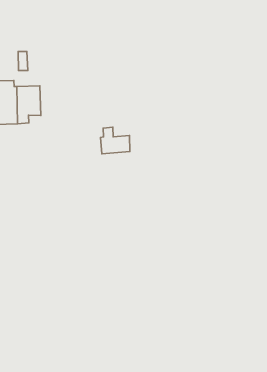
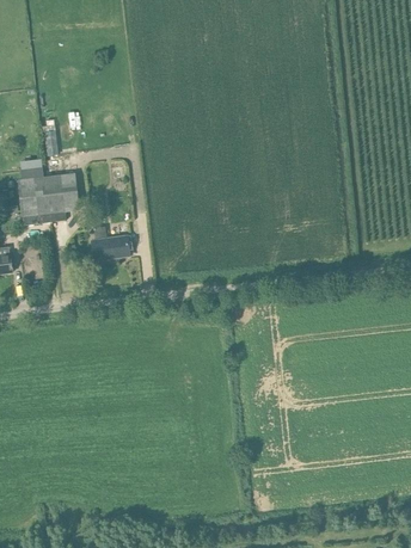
building: [101,127,130,154] -> [90,224,128,259]

